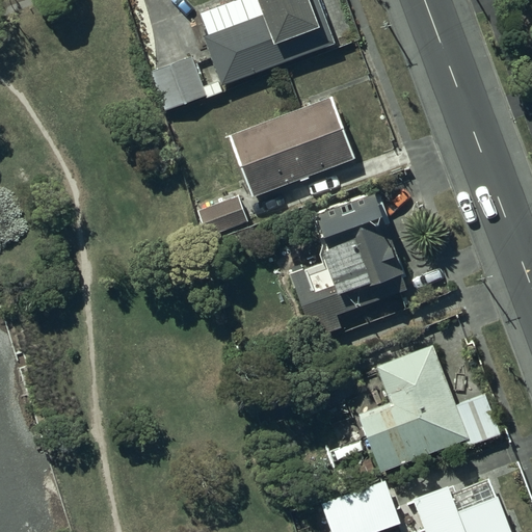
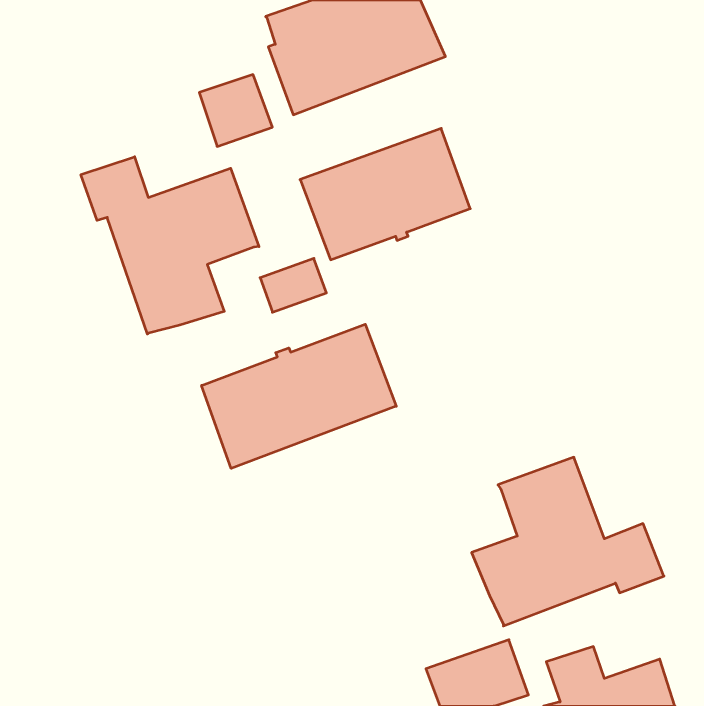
building: none -> [81,157,259,334]
building: [290,191,405,336] -> none
building: none -> [202,324,396,468]

